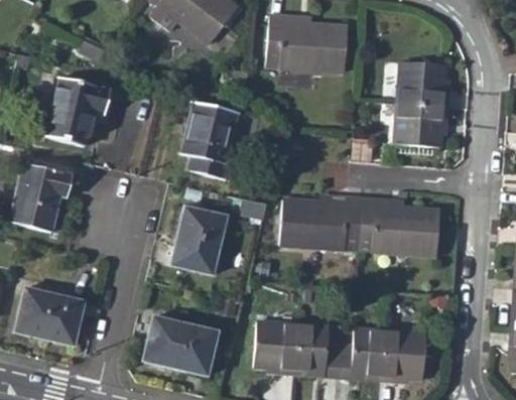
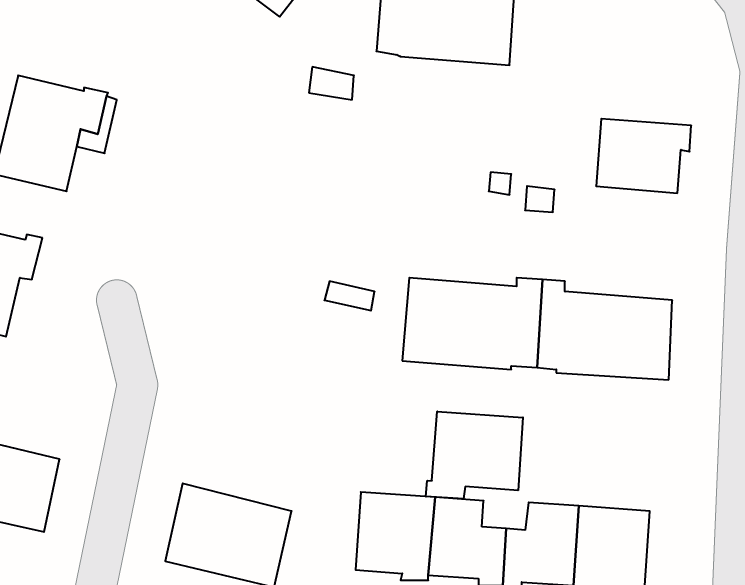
building: [397,61,450,108] -> none
building: [181,103,237,180] -> none
building: [171,207,227,274] -> none
building: none -> [426,411,523,499]

